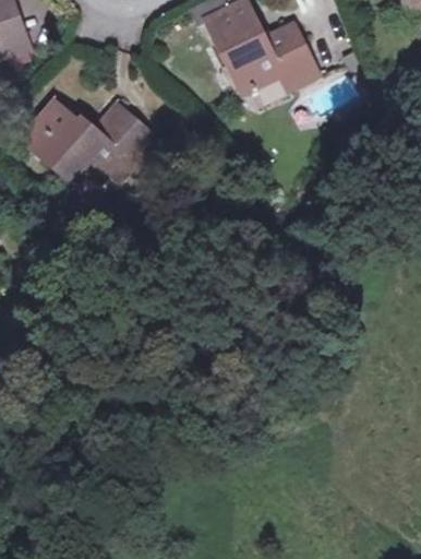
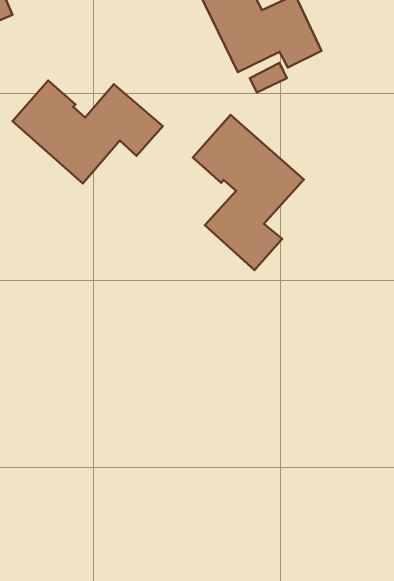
building: none -> [193,115,304,270]

